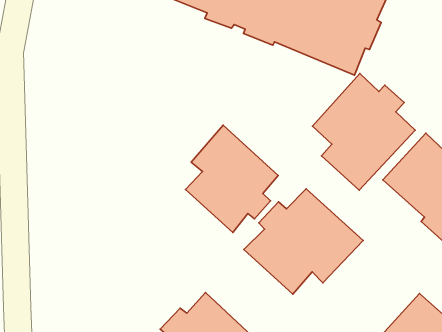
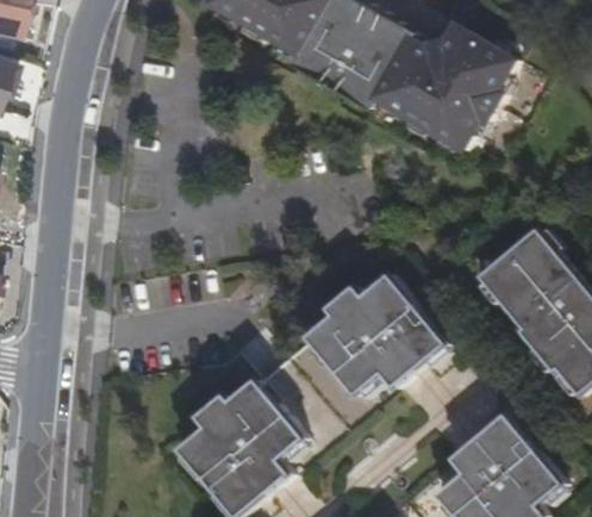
building: [313,73,415,190] -> none
building: [186,125,278,233] -> none

